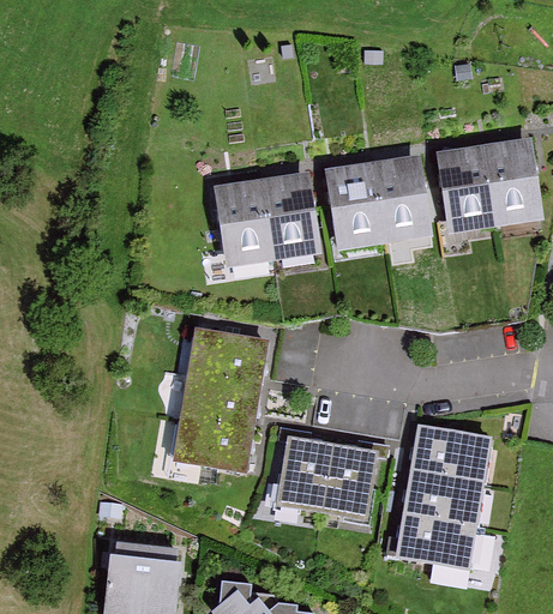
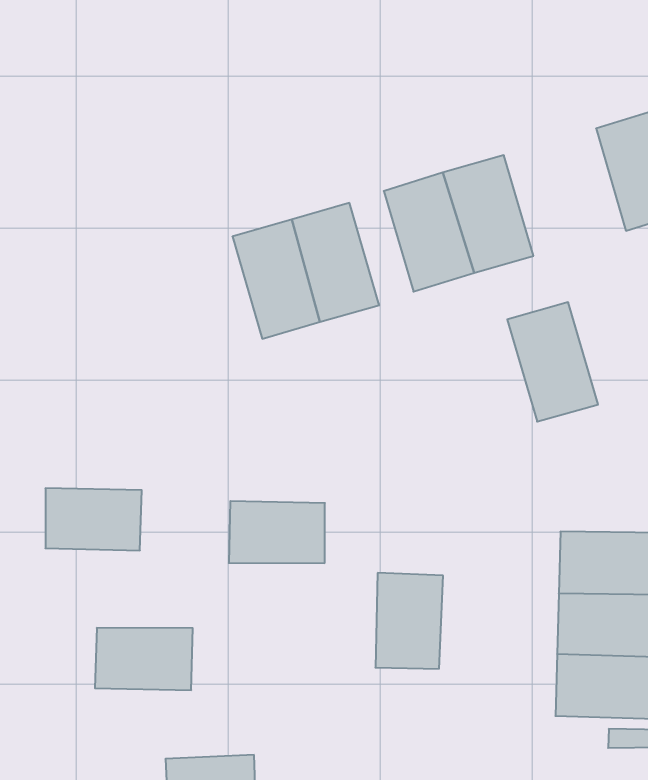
building: [439,149,494,229] -> [507,302,598,422]
building: [191,331,264,384] -> [45,488,142,550]
building: [176,416,251,469] -> [95,628,193,690]
building: [320,446,377,519] -> none

